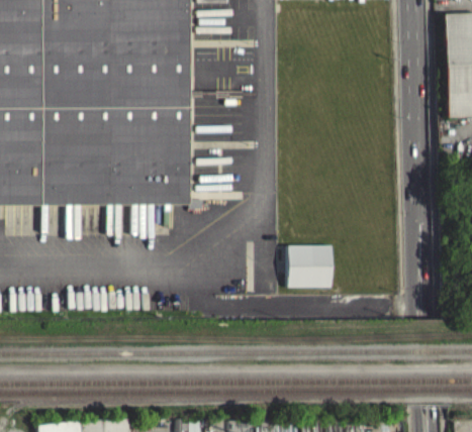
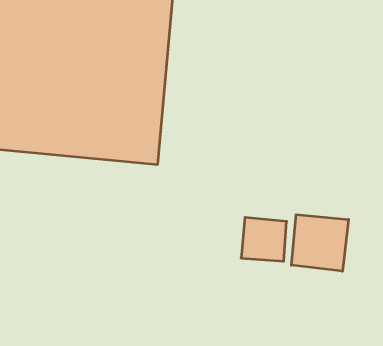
building: none -> [291,215,349,271]

